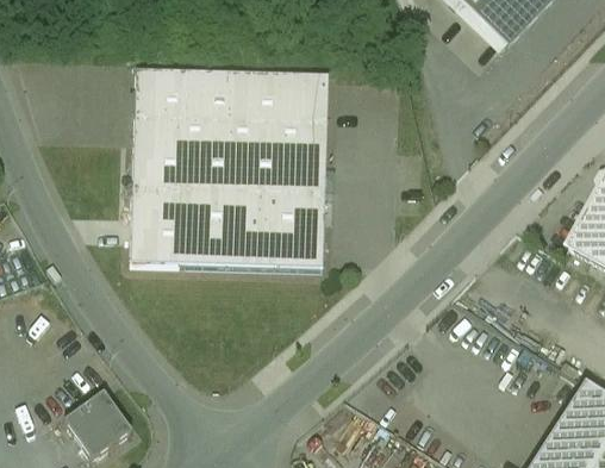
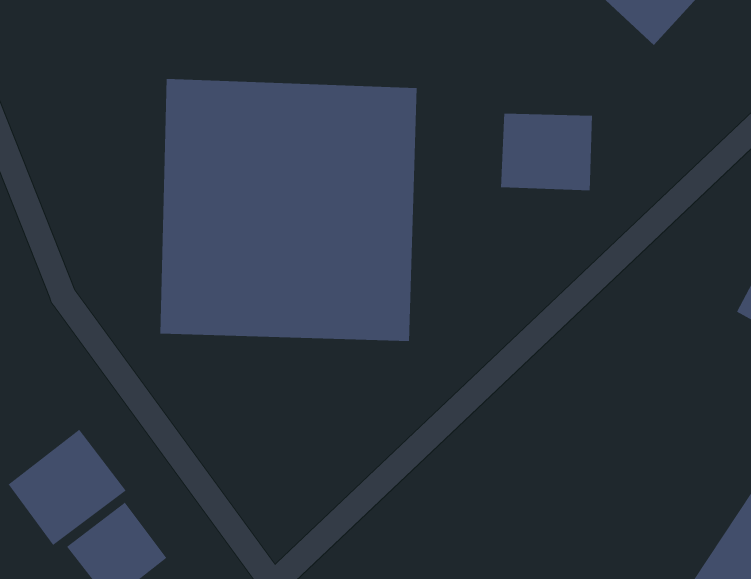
building: none -> [500,113,592,191]
building: none -> [8,429,126,546]

